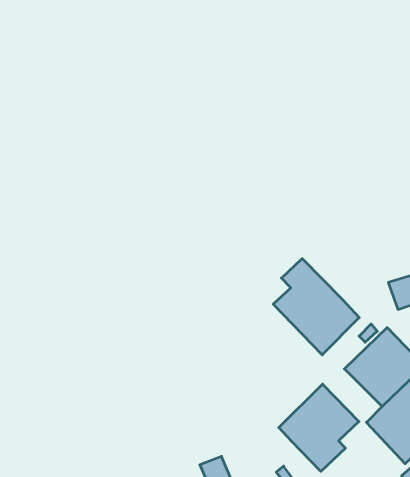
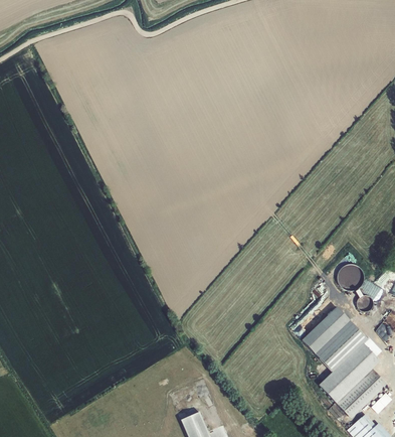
building: [273,259,359,355] -> none
building: [279,384,359,471] -> none

